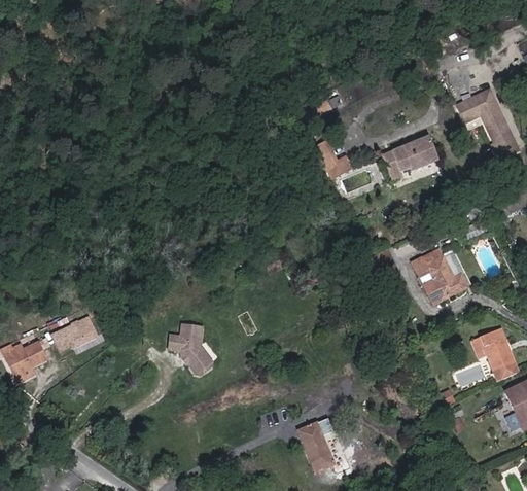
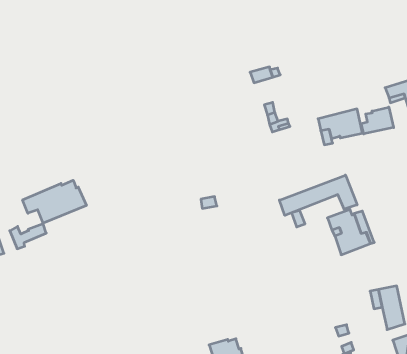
building: none -> [361,107,394,134]
building: none -> [279,175,357,215]
building: none -> [23,180,86,223]
building: [167,322,210,373] -> none

